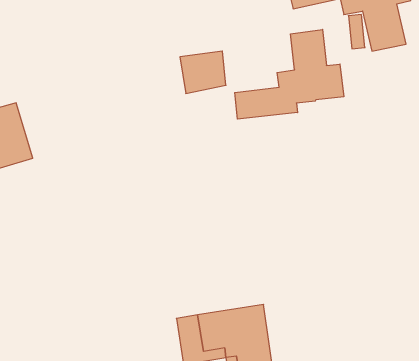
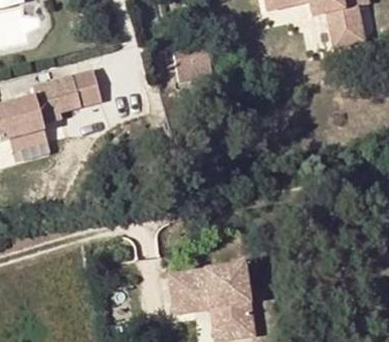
building: [235,29,344,119] -> none
building: none -> [37,75,83,122]

